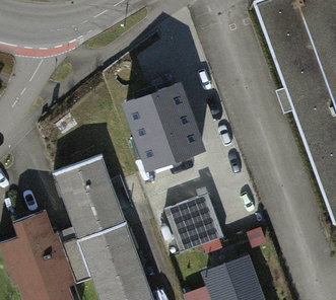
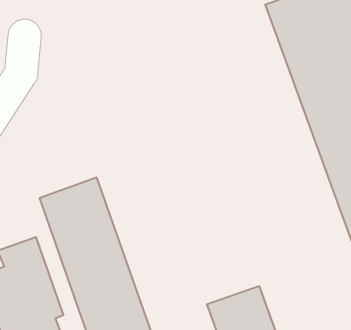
building: [118,75,205,170] -> none
building: [163,193,222,251] -> none

